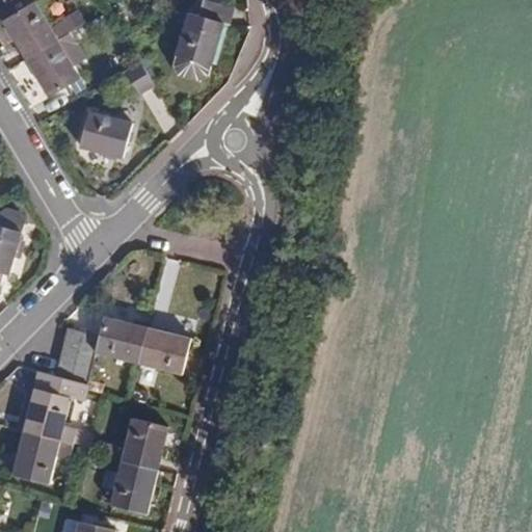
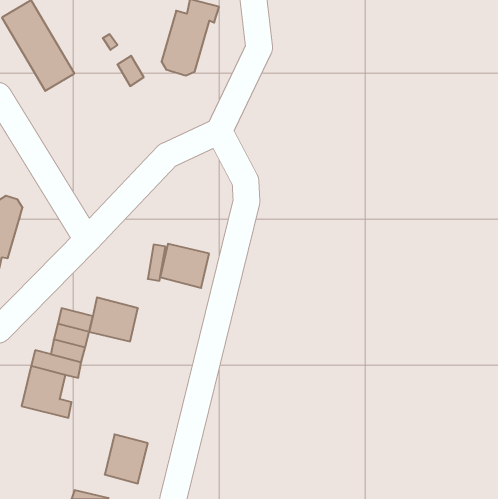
building: [78,110,132,158] -> none
building: [138,327,190,374] -> [160,244,209,288]
building: [101,417,168,471] -> none
building: [11,431,73,483] -> none

